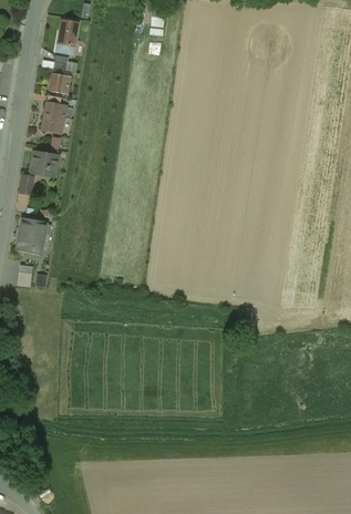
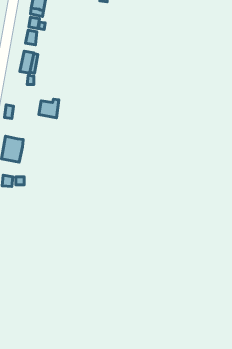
building: [30,150,58,175] -> [39,99,59,118]

